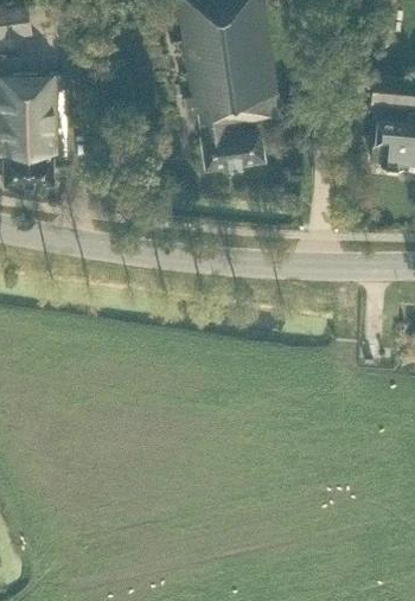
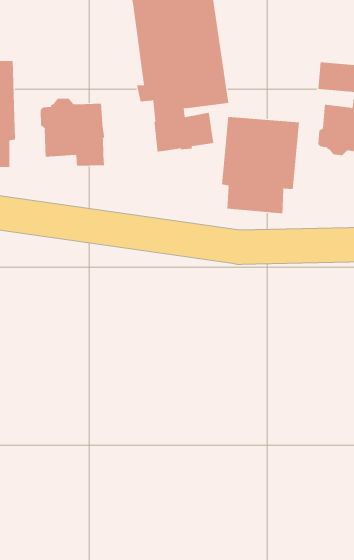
building: none -> [40,98,105,167]
building: none -> [221,116,299,214]

